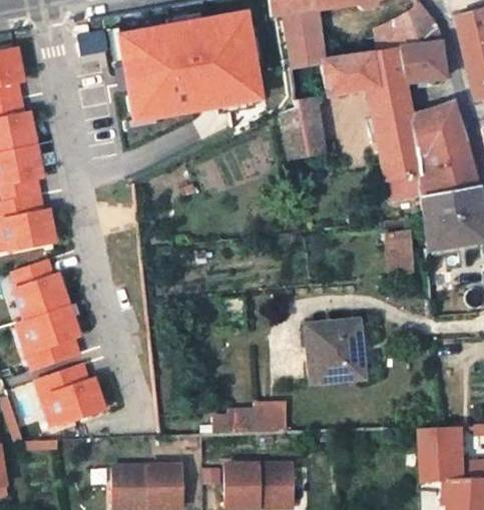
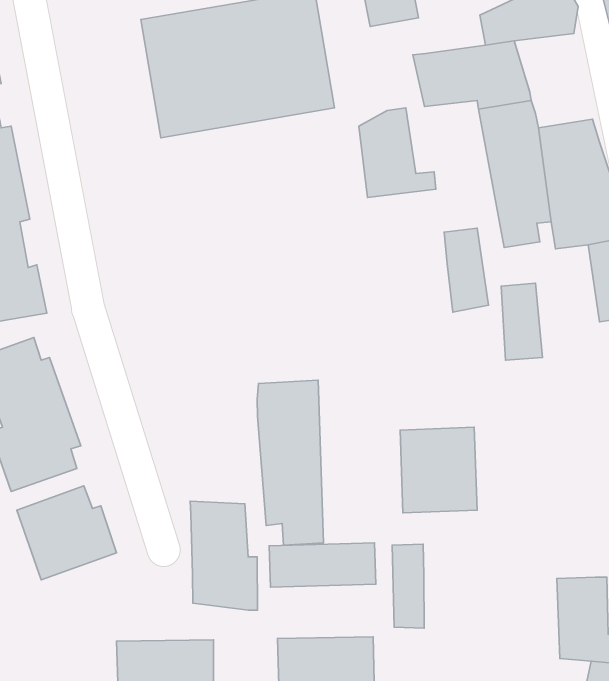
building: [289,33,328,62] -> none
building: [390,44,440,85] -> none
building: [419,192,450,251] -> [444,228,488,312]
building: none -> [257,380,324,545]
building: none -> [190,501,257,610]
building: none -> [392,544,424,628]

